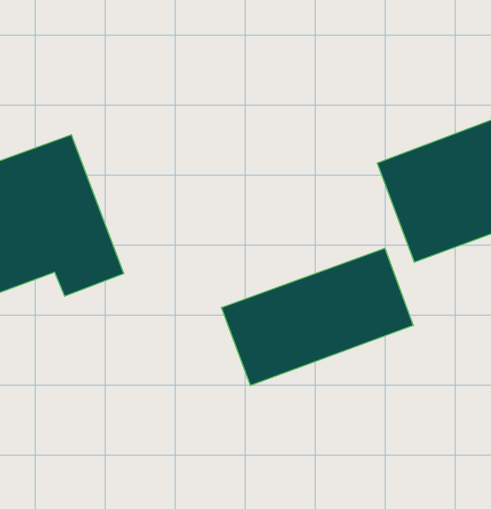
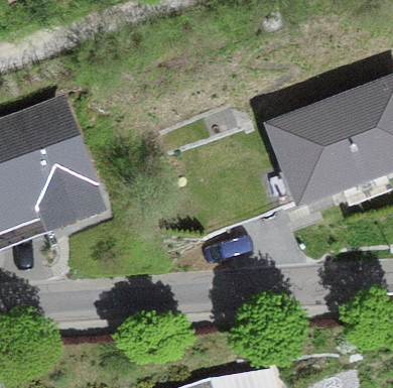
building: [221,248,413,386] -> none

